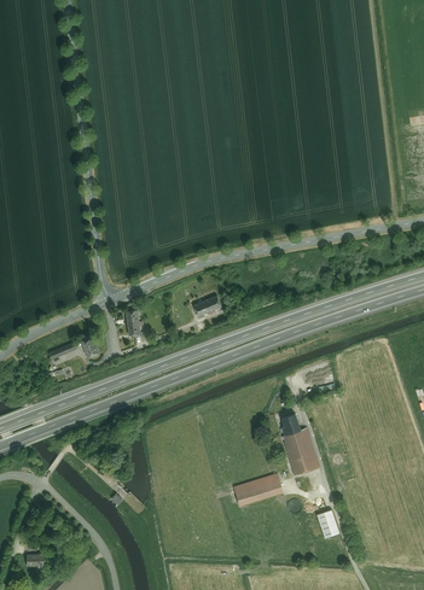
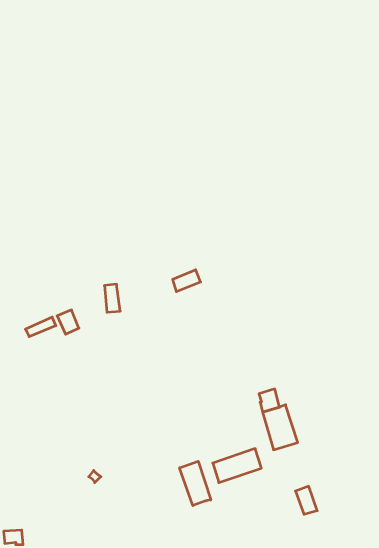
building: none -> [180,461,211,506]

